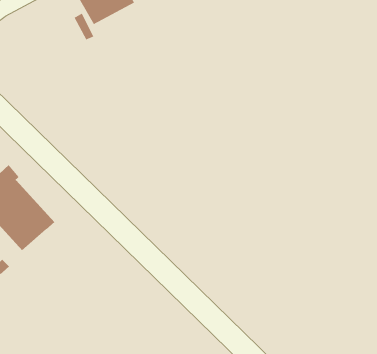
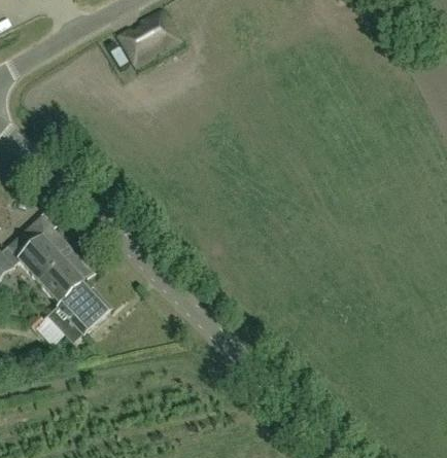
building: none -> [45,281,108,343]

